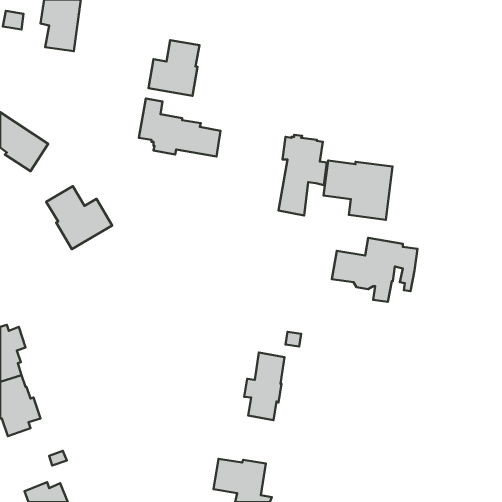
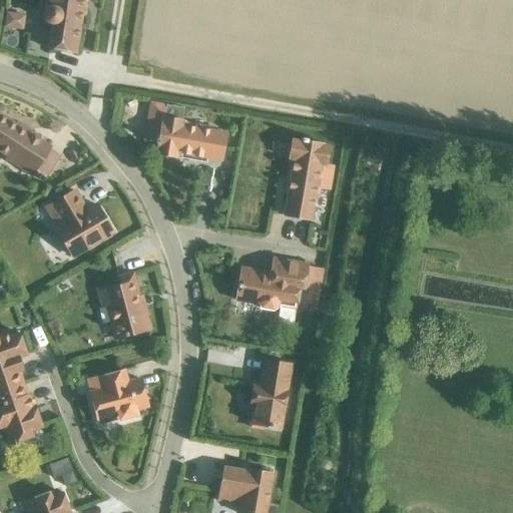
building: [148,40,199,96] -> none
building: [323,161,393,220] -> none
building: [332,238,417,302] -> [235,258,323,323]
building: none -> [98,273,148,339]
building: none -> [87,369,147,419]

